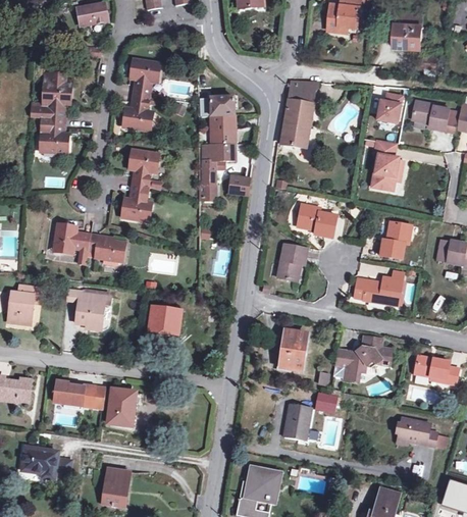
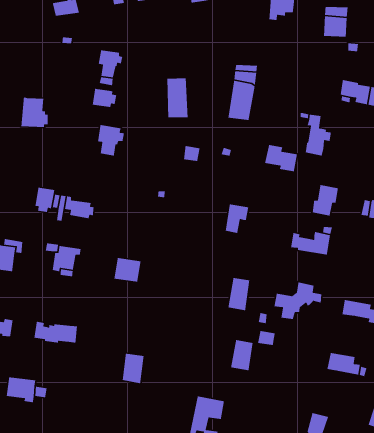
building: [41,74,73,120] -> none
building: [372,92,400,123] -> none
building: [199,144,235,196] -> none
building: [120,186,152,223] -> none
building: [296,204,335,237] -> [264,144,298,172]
building: [107,390,134,426] -> [122,353,144,384]
building: [100,468,128,506] -> none

